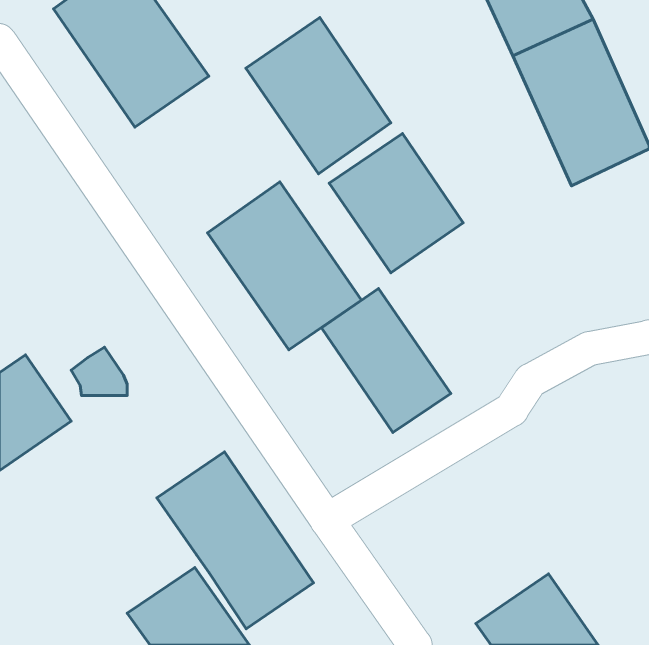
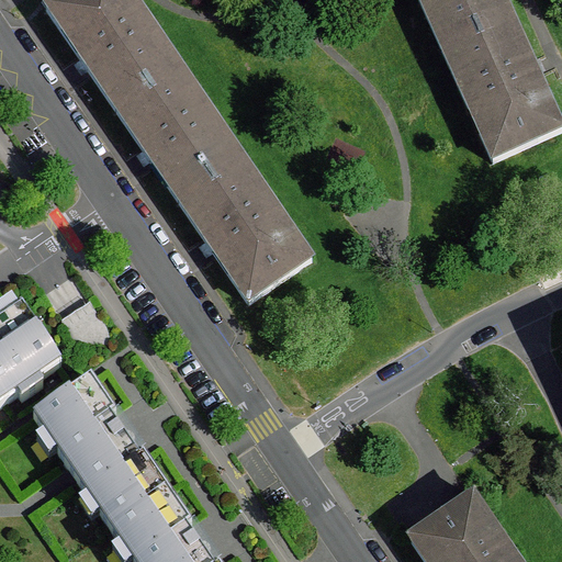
building: [246,17,391,174] -> [116,66,241,201]
building: [329,133,463,273] -> none
building: [321,288,451,433] -> none
building: [157,452,313,629] -> [33,376,168,529]

